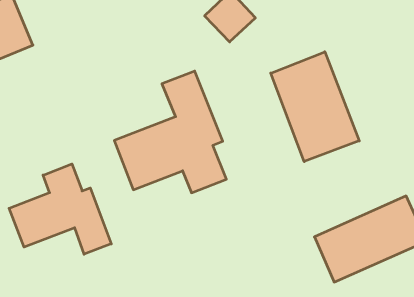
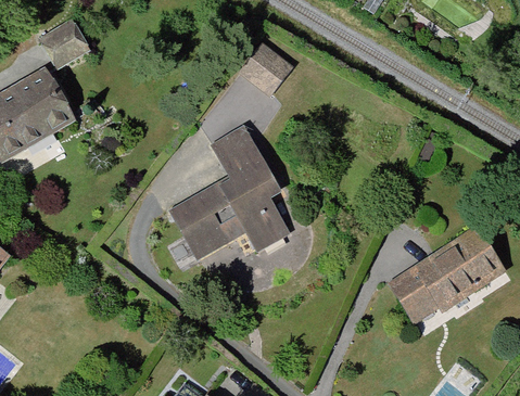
building: [271,52,359,162] -> none
building: [9,164,111,254] -> none

